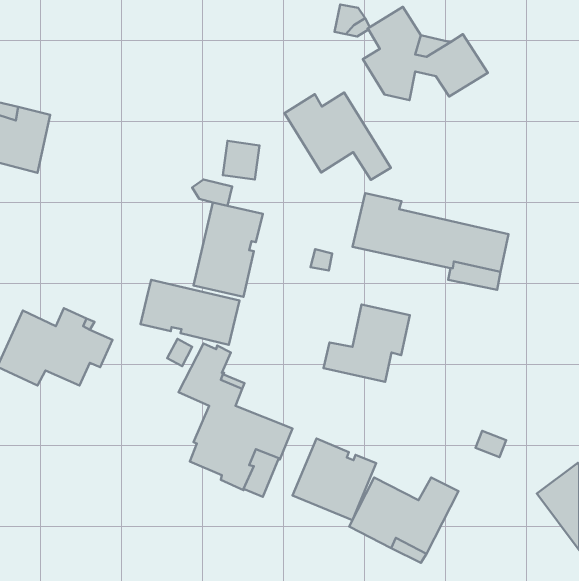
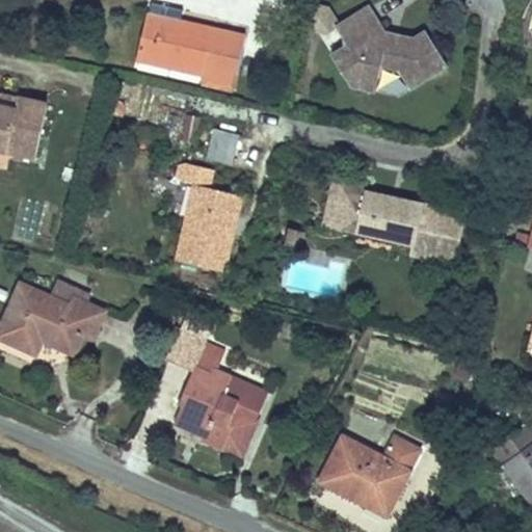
building: none -> [137,15,247,84]
building: [284,92,391,180] -> none
building: [140,280,239,345] -> none
building: [324,305,410,382] -> none
building: [293,438,376,520] -> none

